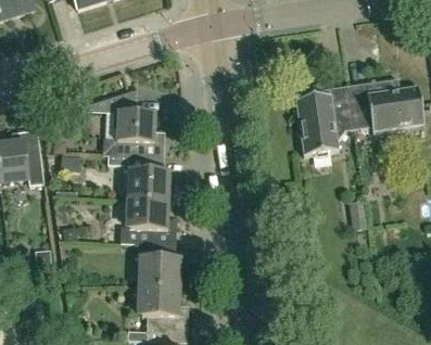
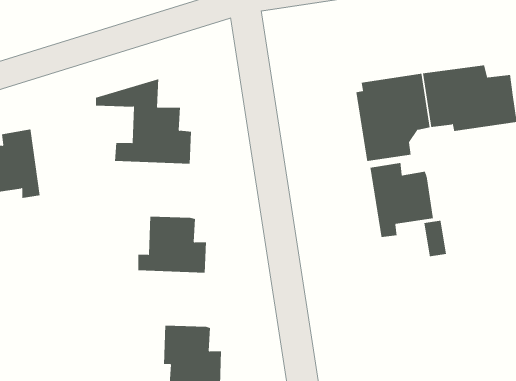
building: [109,155,166,200] -> none
building: none -> [370,162,434,238]
building: [122,242,178,286] -> none

